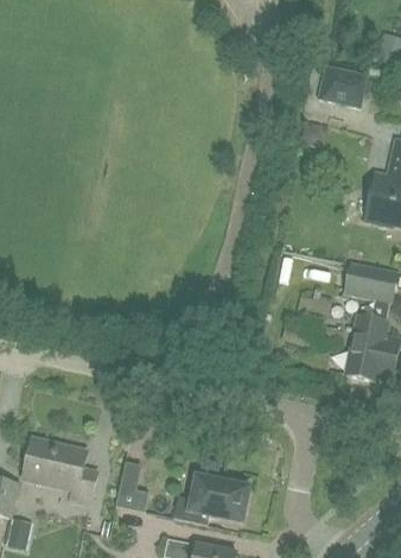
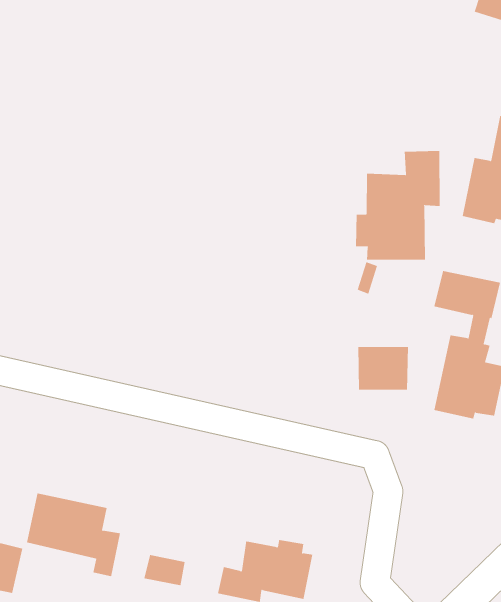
building: [317,64,368,107] -> none
building: none -> [355,150,440,261]
building: none -> [358,346,409,390]

